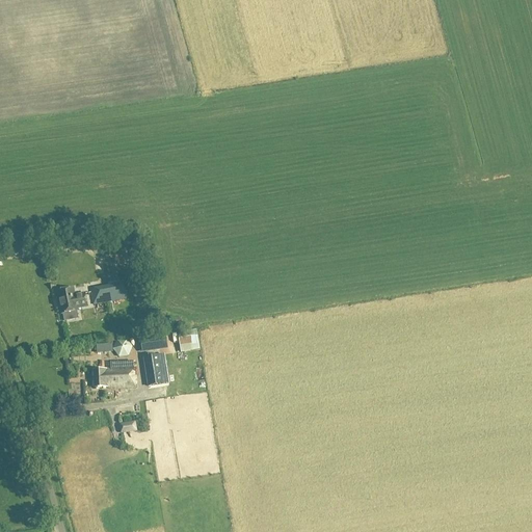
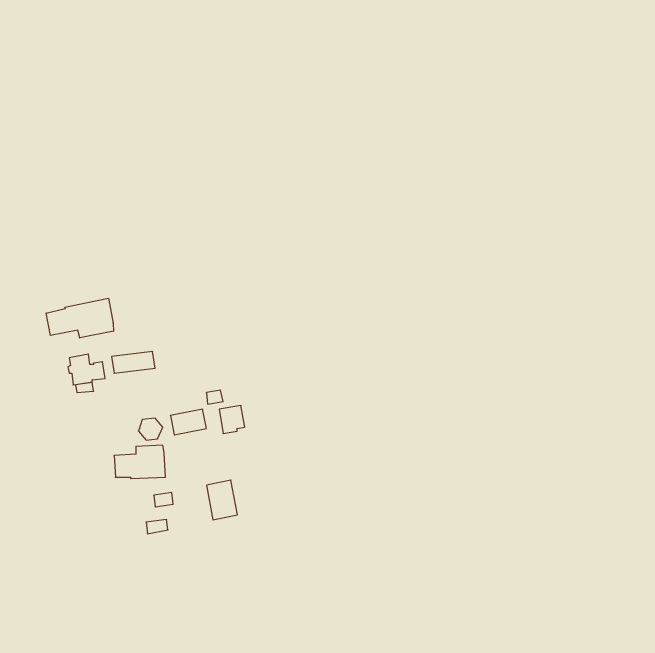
building: none -> [46,298,114,338]
building: [142,351,167,383] -> [207,480,237,520]

